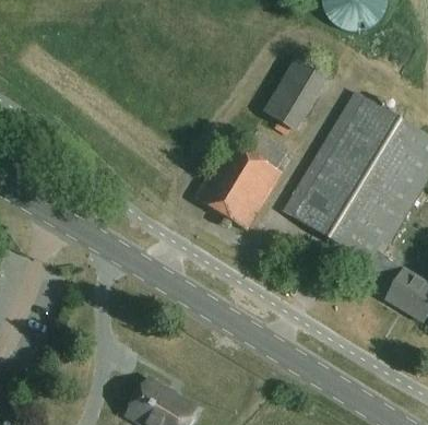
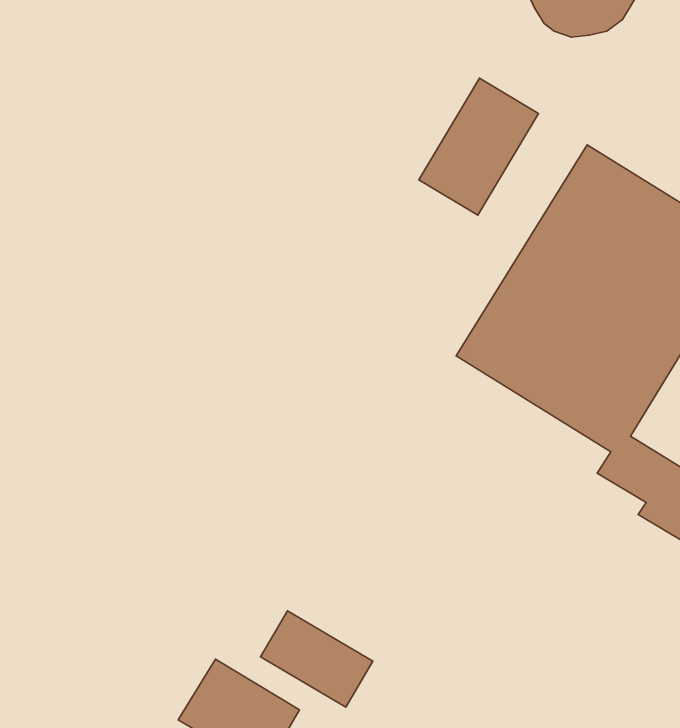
building: [193,132,288,232] -> none
building: none -> [260,611,373,707]

